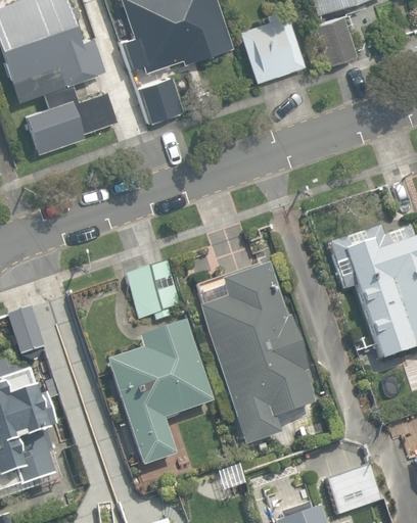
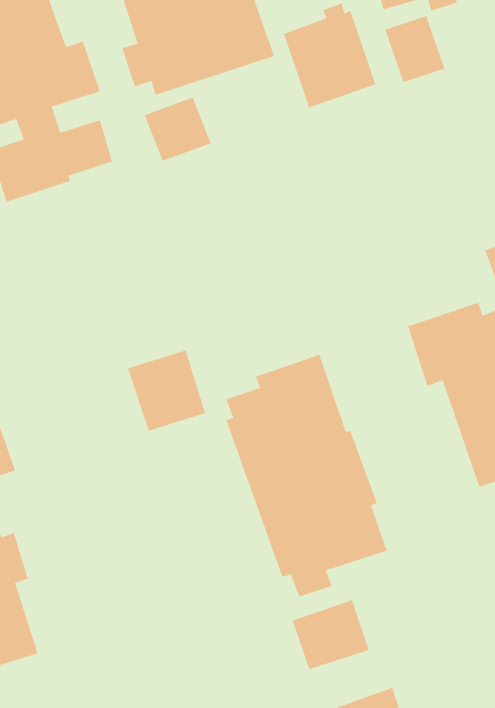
building: [107,322,214,466] -> none
building: [329,464,385,515] -> [292,599,369,670]

